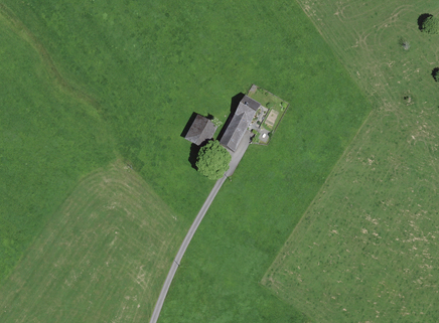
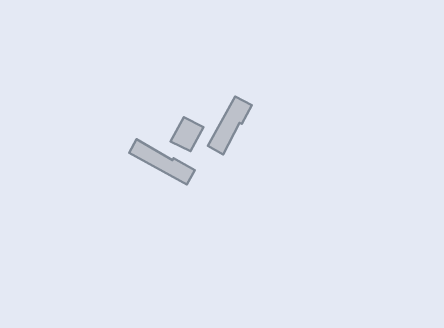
building: none -> [129,139,195,184]

